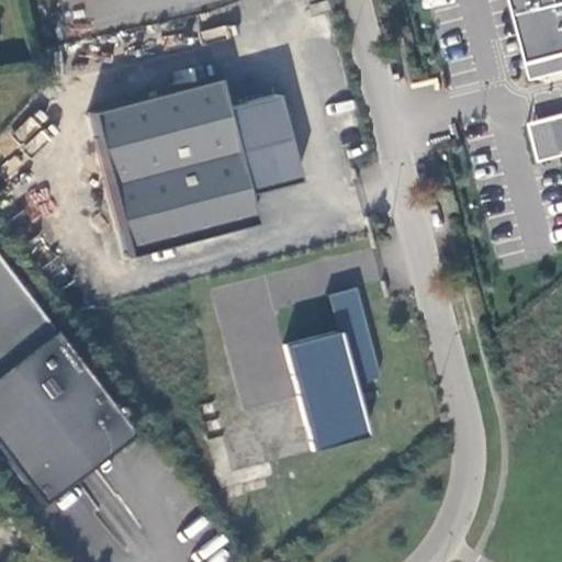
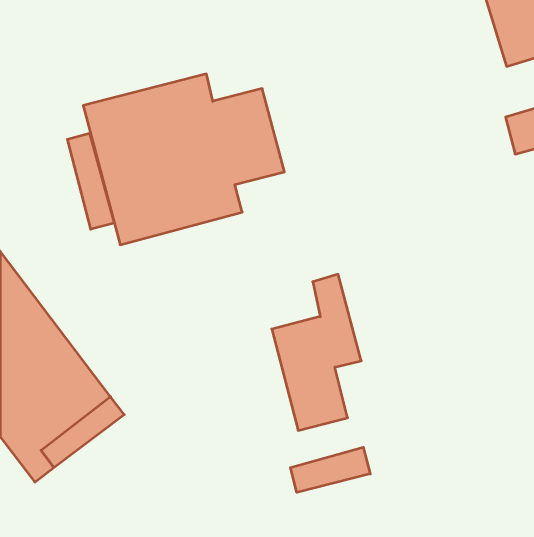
building: none -> [67,133,114,229]
building: none -> [290,447,370,492]

